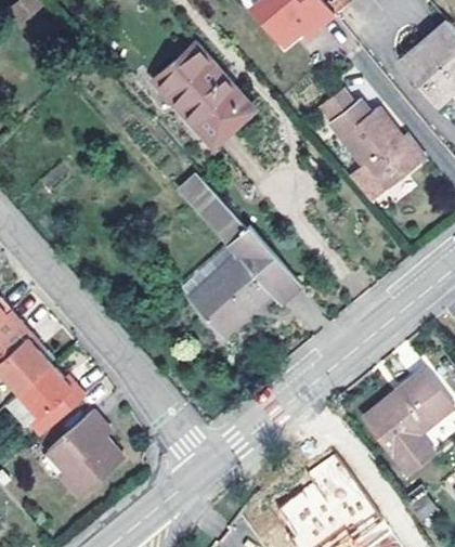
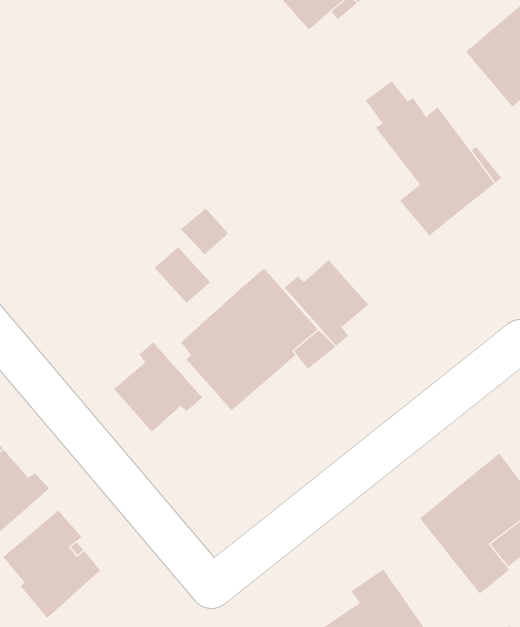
building: [152,42,251,146] -> none
building: [200,200,244,244] -> [154,246,211,304]
building: none -> [284,259,369,347]
building: none -> [113,341,203,433]

